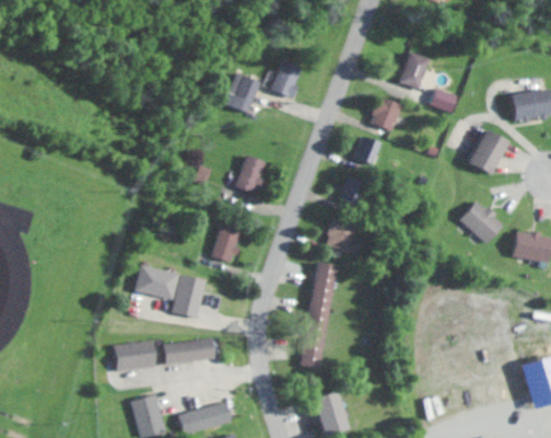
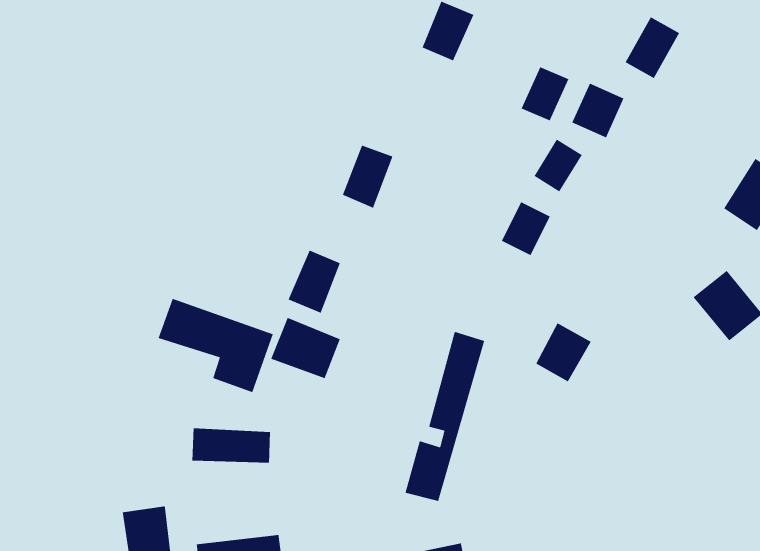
building: [225,73,258,112] -> none
building: [429,89,457,114] -> none
building: none -> [521,66,569,122]
building: [325,217,357,253] -> [535,322,592,383]
building: none -> [270,317,341,379]
building: [115,341,157,371] -> none

